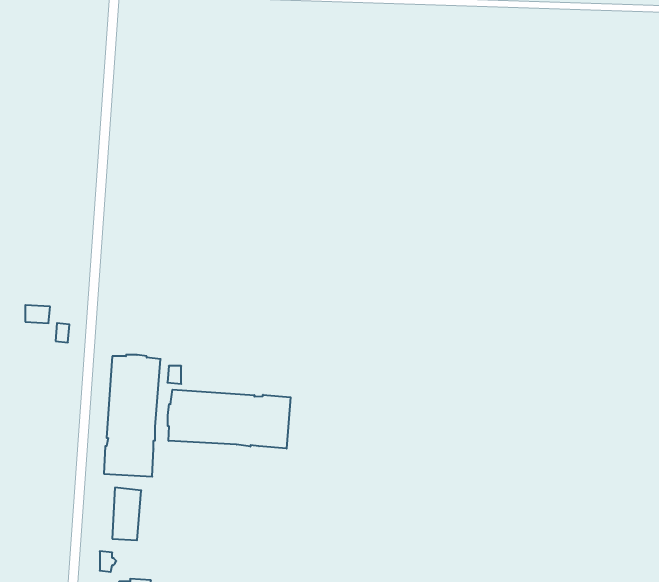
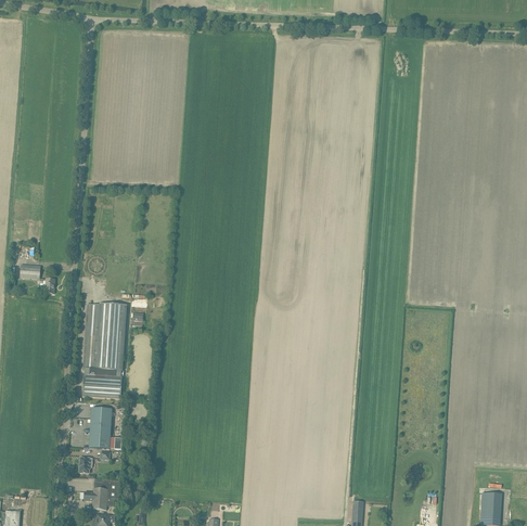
building: [168,390,291,449] -> none

